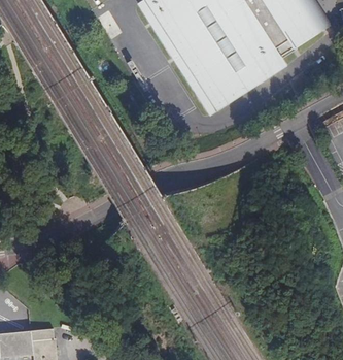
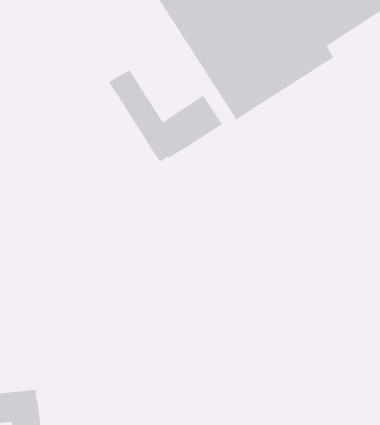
building: none -> [108,69,223,162]

